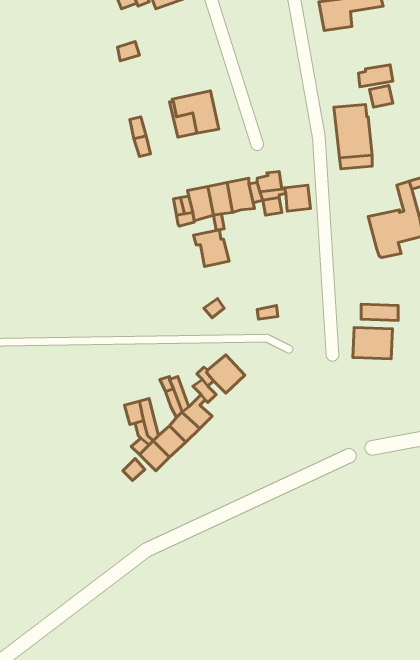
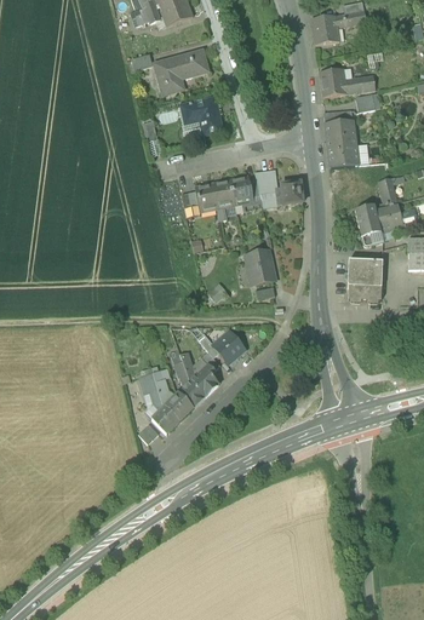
building: none -> [154,50,207,93]
building: none -> [319,68,346,97]
building: [194,230,229,267] -> [243,251,275,283]
building: [353,327,393,359] -> [346,259,382,287]

